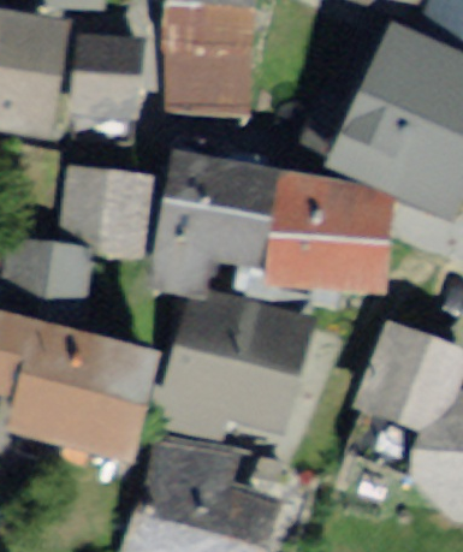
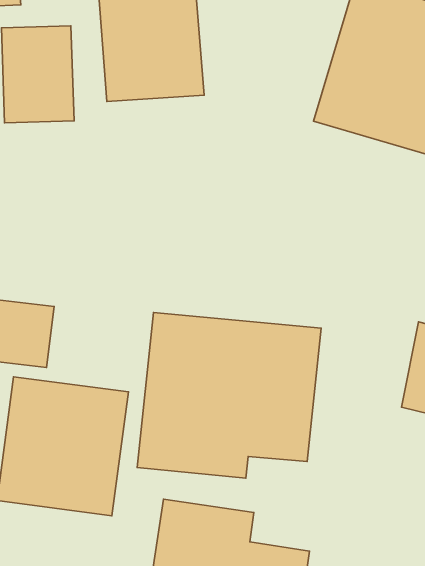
building: [153,159,268,281] -> none
building: [61,160,152,249] -> none
building: [262,180,390,296] -> none

